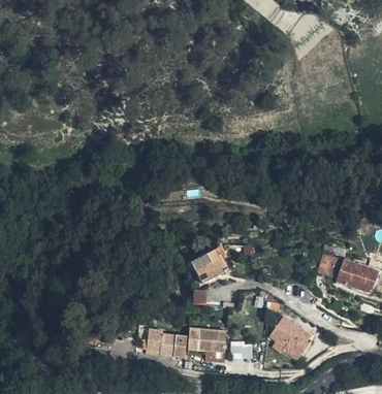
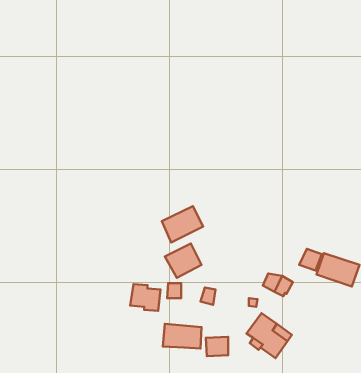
building: none -> [162,206,203,242]
building: [147,329,176,355] -> [130,284,160,311]

